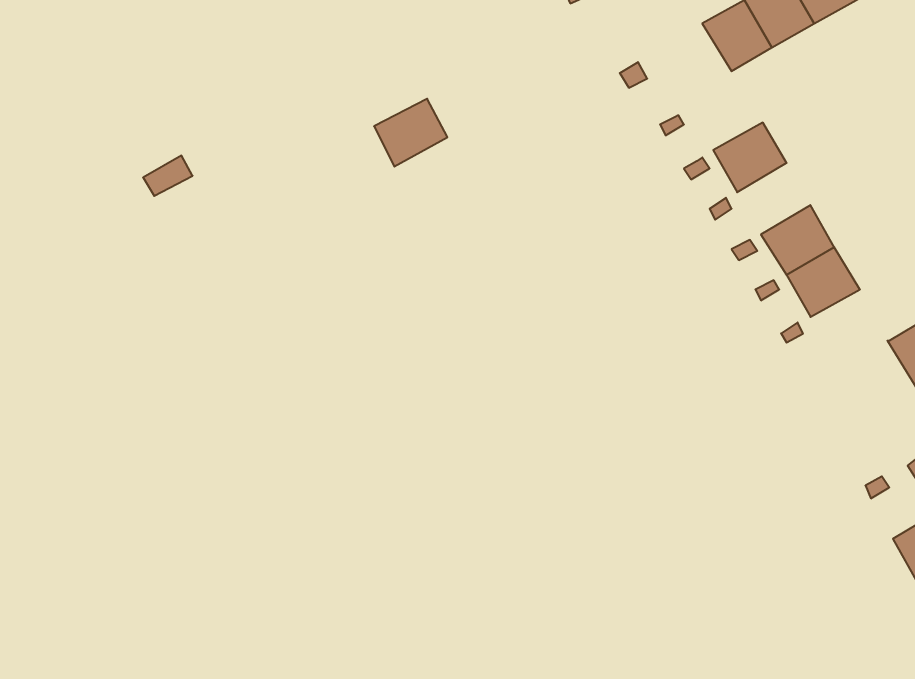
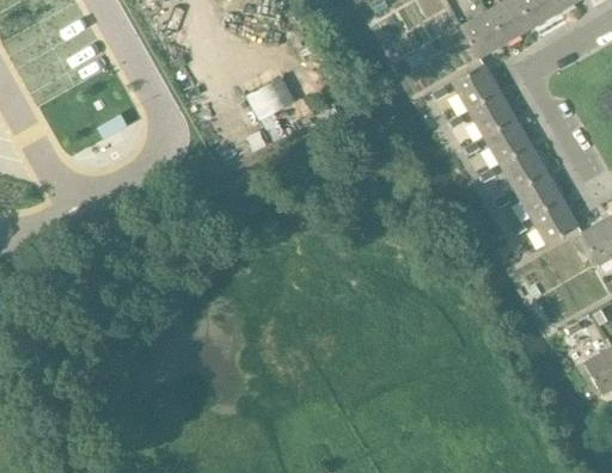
building: none -> [452,63,500,109]
building: none -> [483,117,531,164]
building: none -> [531,199,579,245]

